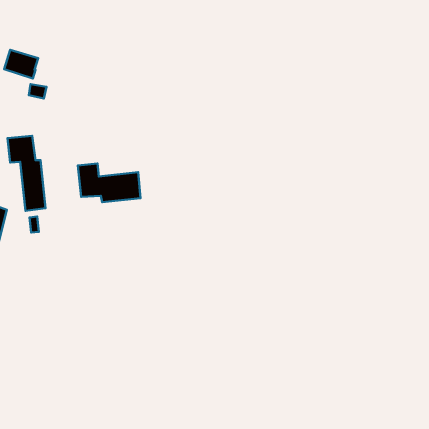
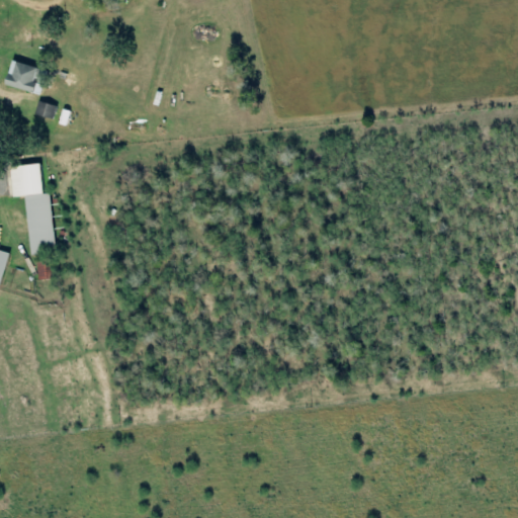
building: [78,163,141,202] -> none

